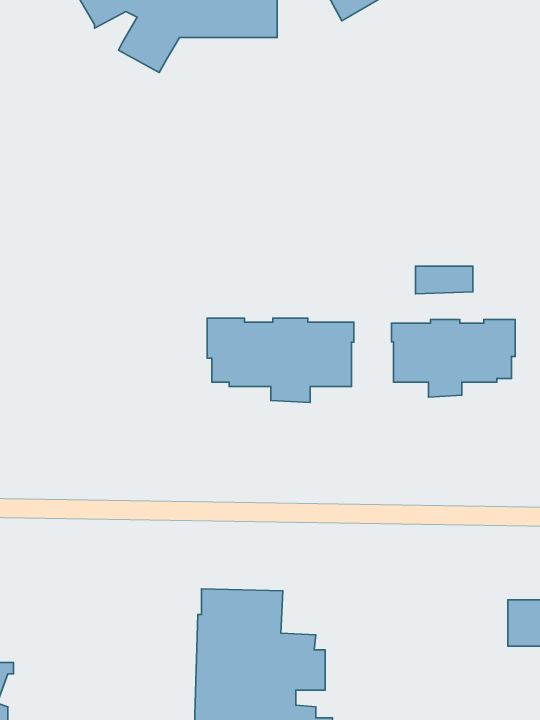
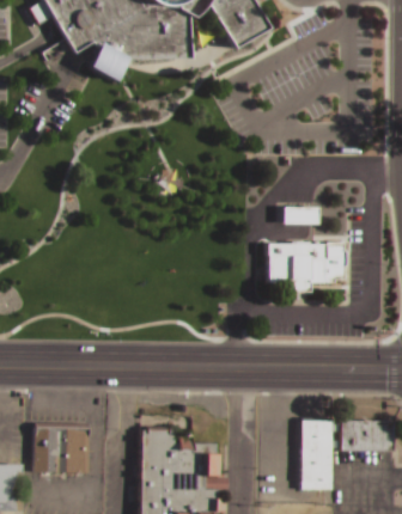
building: [207,318,354,402] -> none
building: none -> [302,423,331,492]
building: none -> [39,433,87,476]

